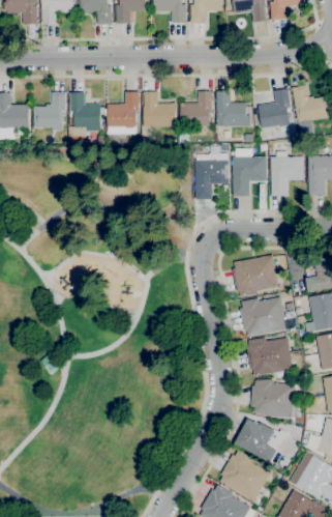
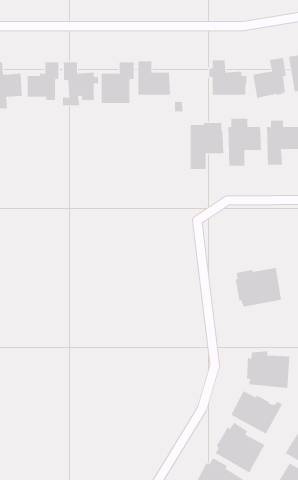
building: [181,91,213,127] -> none
building: [233,255,278,296] -> none
building: [247,337,293,376] -> none

